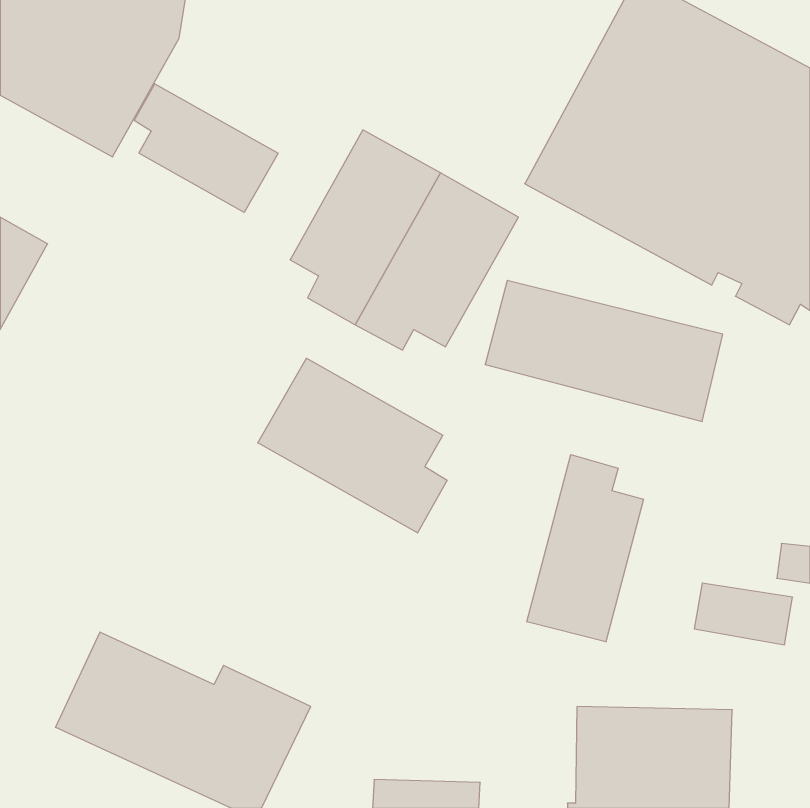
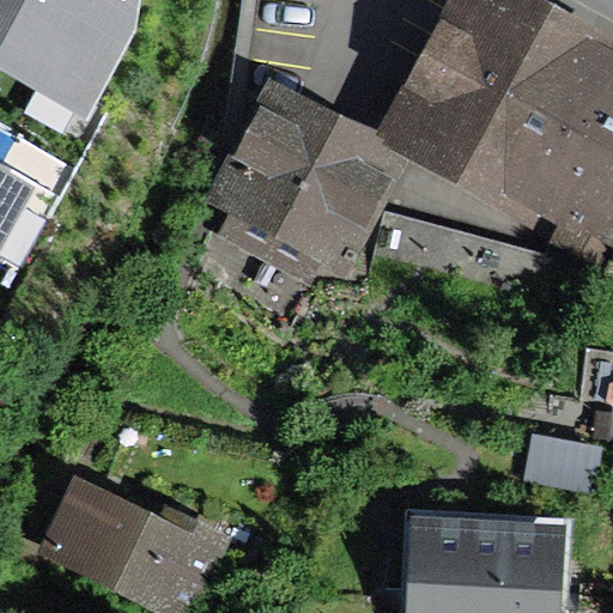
building: [134,84,278,212] -> none
building: [258,358,447,533] -> none
building: [527,455,644,642] -> none

